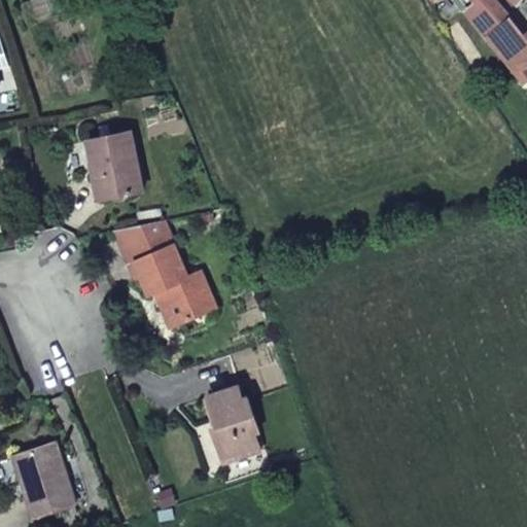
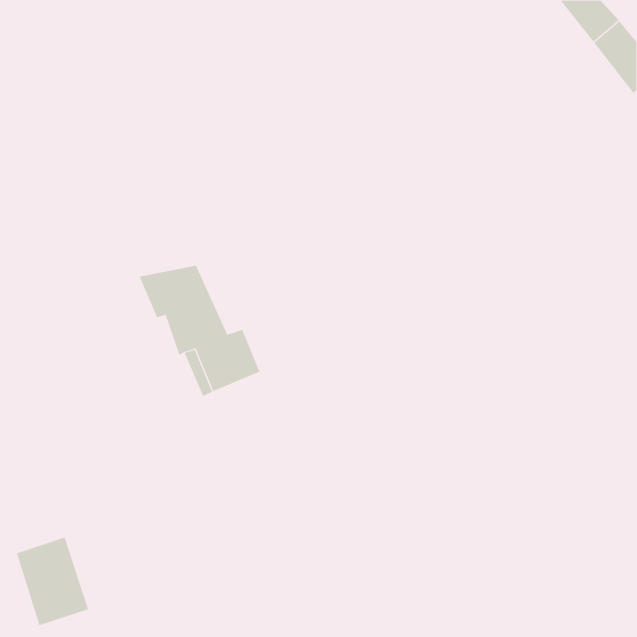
building: [87,134,141,199] -> none
building: [208,387,258,462] -> none

